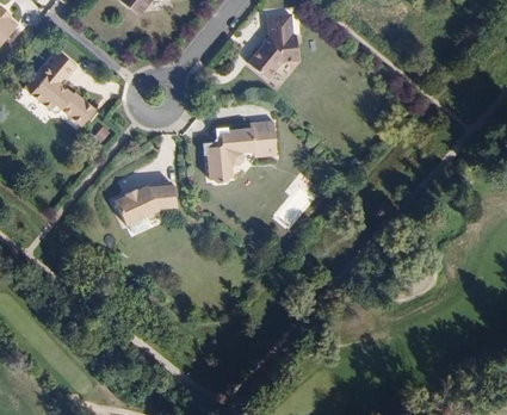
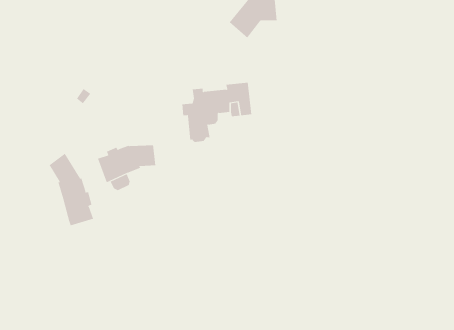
building: [29,50,94,125] -> none
building: none -> [49,153,94,226]

